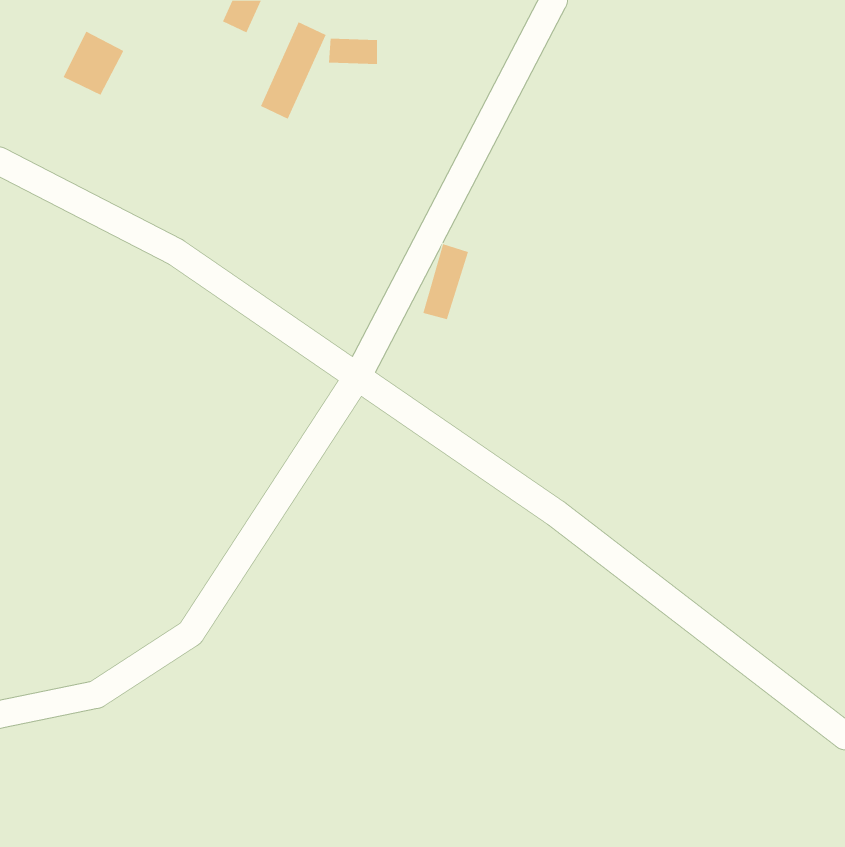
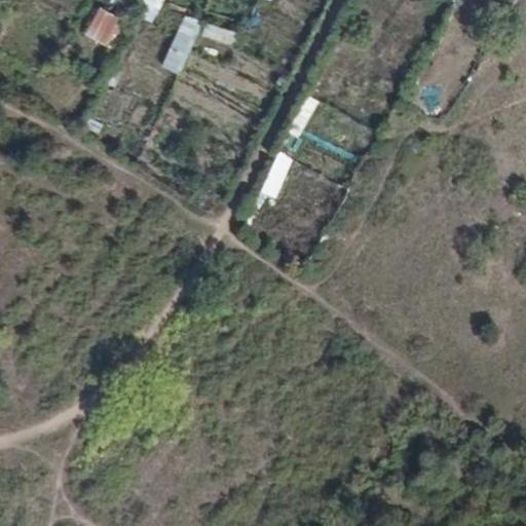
building: [63,31,124,96] -> [84,5,122,45]

